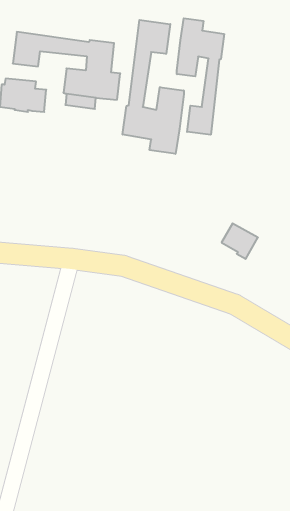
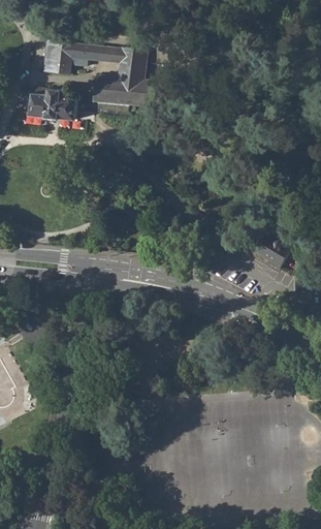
building: [177,18,224,135] -> none
building: [123,20,184,154] -> none

